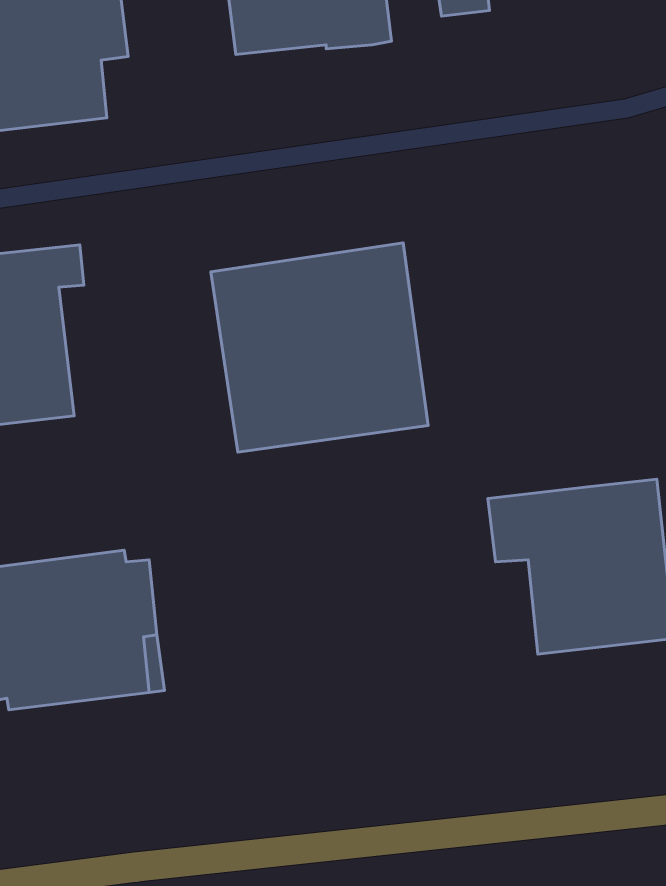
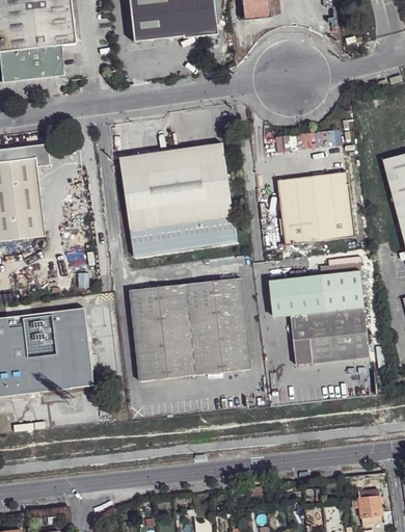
building: none -> [277,171,355,245]
building: none -> [129,277,251,381]

